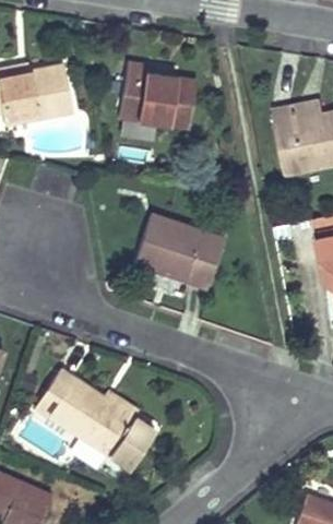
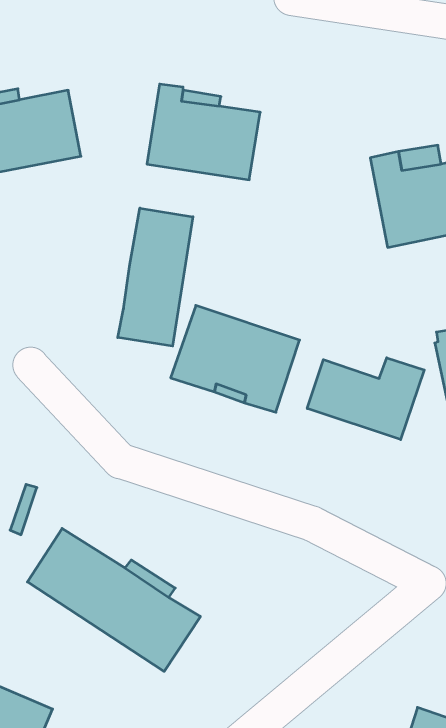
building: none -> [118,208,193,346]
building: none -> [307,358,424,440]

